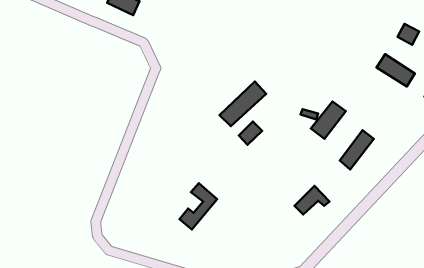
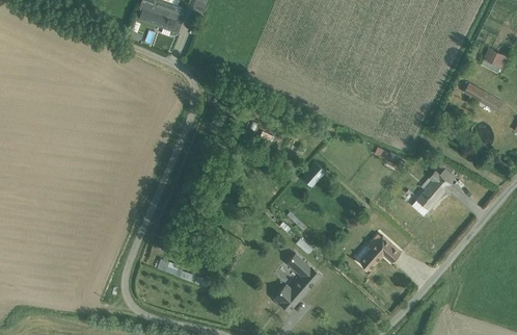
building: [219,82,266,126] -> none
building: [311,102,346,139] -> none
building: [180,183,217,230] -> [272,256,317,311]

